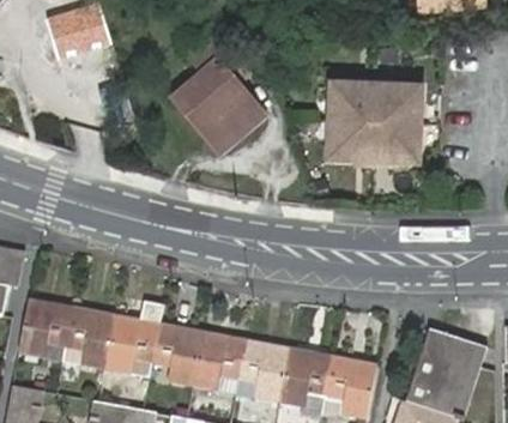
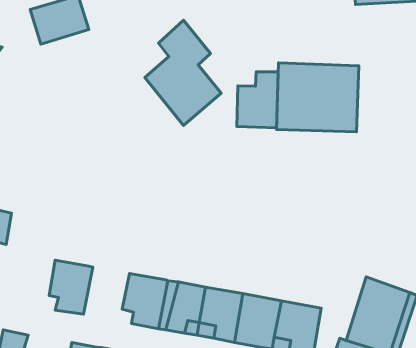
building: none -> [237,72,278,128]
building: [16,298,72,358] -> none
building: [104,298,161,375] -> none

